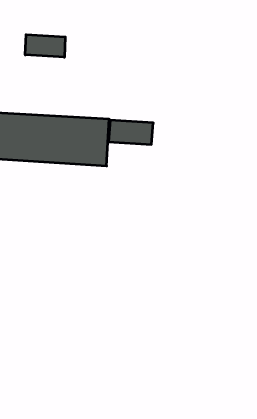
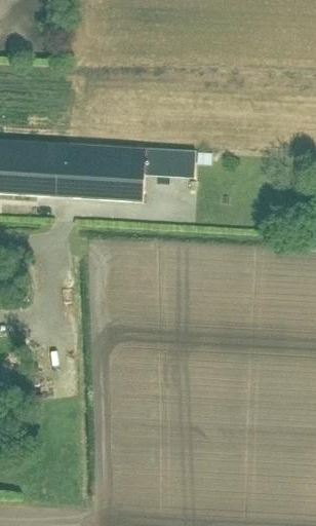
building: [25,35,65,57] -> none

